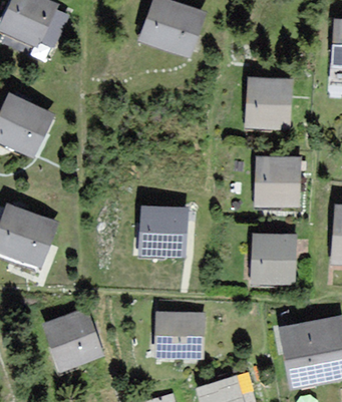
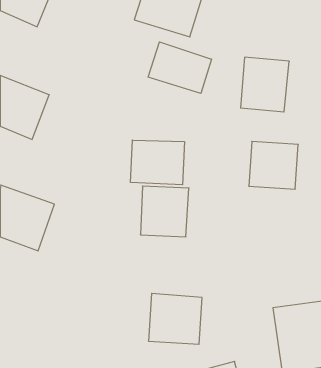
building: none -> [148,42,212,93]
building: none -> [131,140,184,185]
building: [249,234,296,283] -> none
building: [43,307,103,371] -> none

